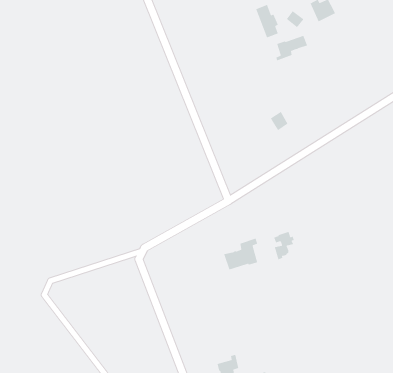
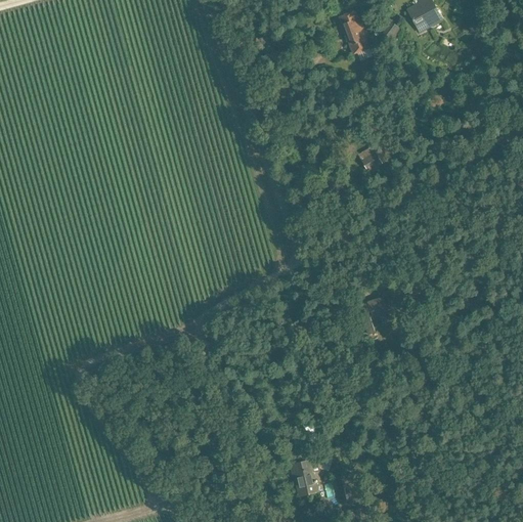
building: [275,35,308,62] -> none
building: [223,238,258,270] -> none

